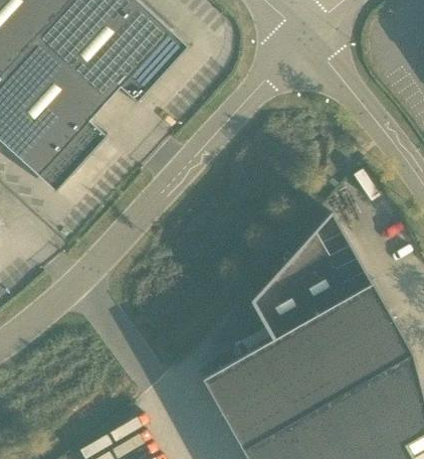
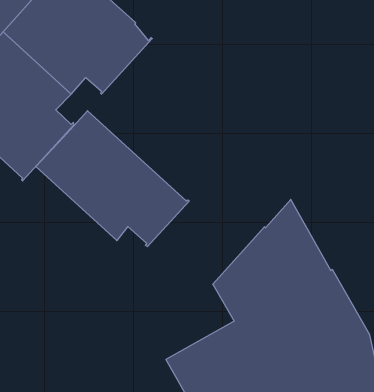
building: none -> [36,111,189,247]

